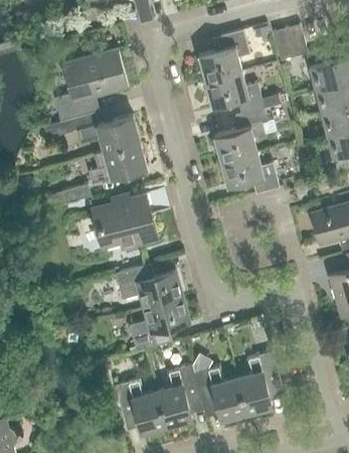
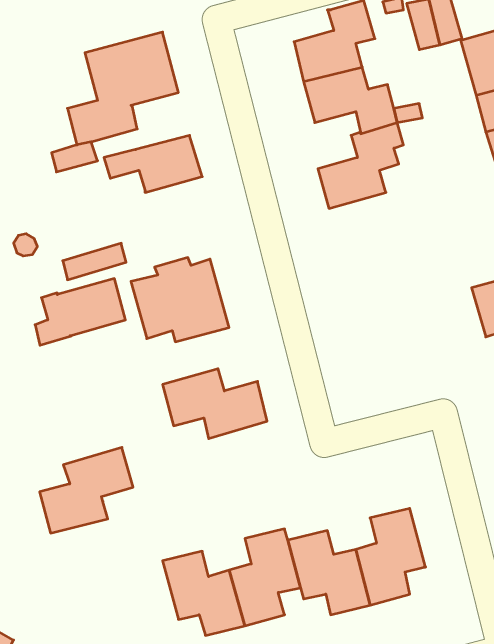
building: [90,142,147,184] -> [35,279,125,345]
building: [220,152,279,193] -> none
building: [129,297,188,351] -> [40,447,133,533]

